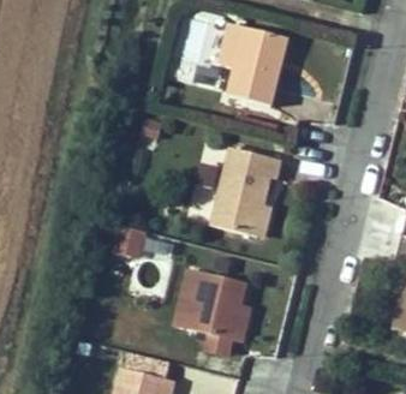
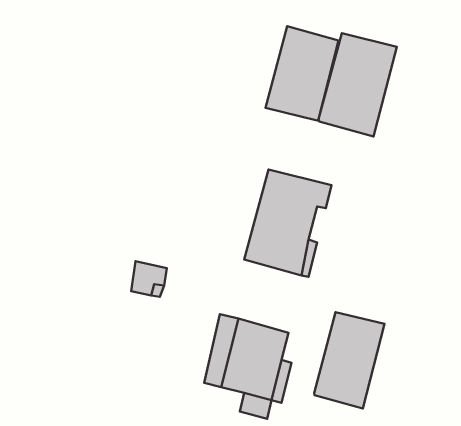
building: none -> [319,33,397,136]
building: none -> [314,312,385,408]

